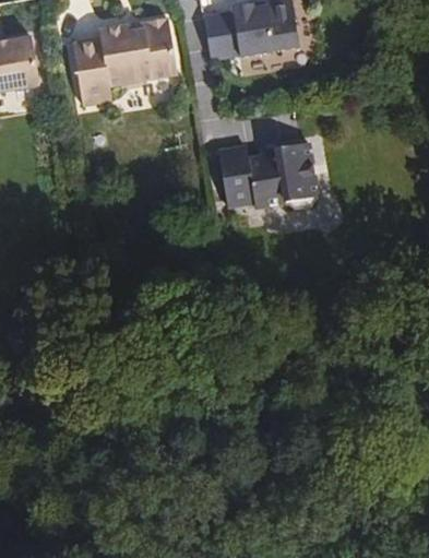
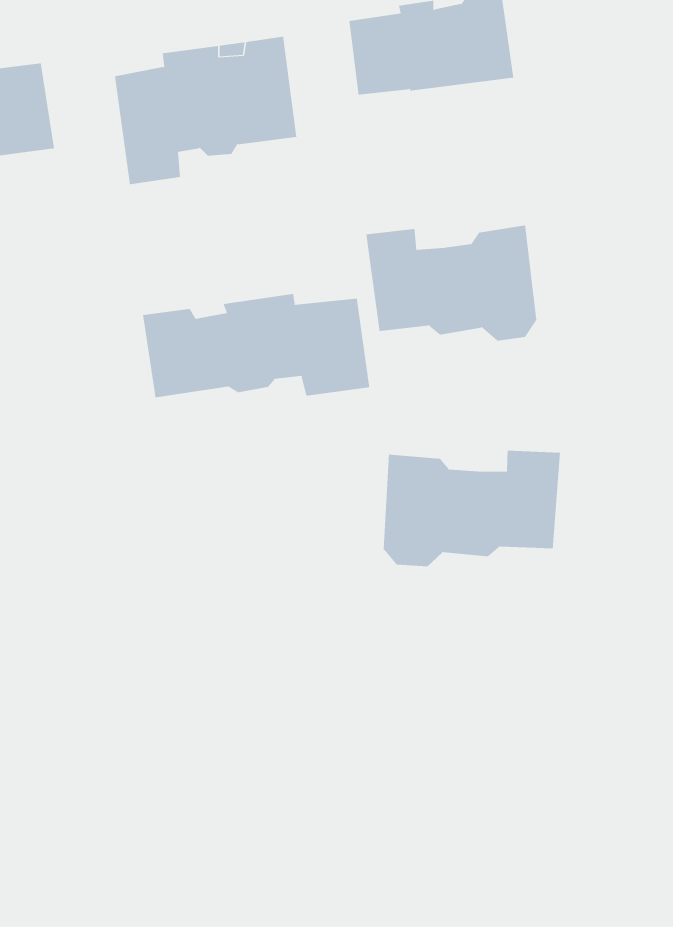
building: none -> [142,293,370,398]
building: none -> [383,450,561,567]

